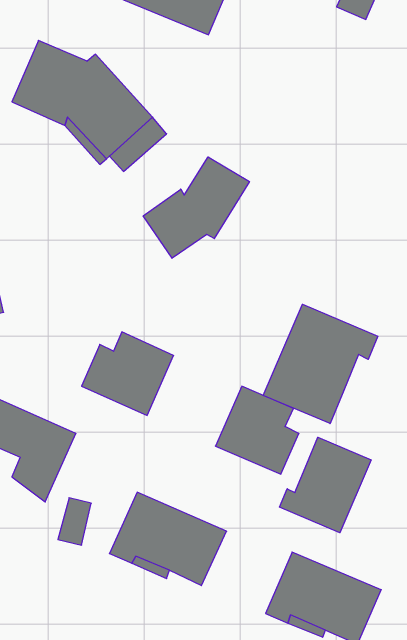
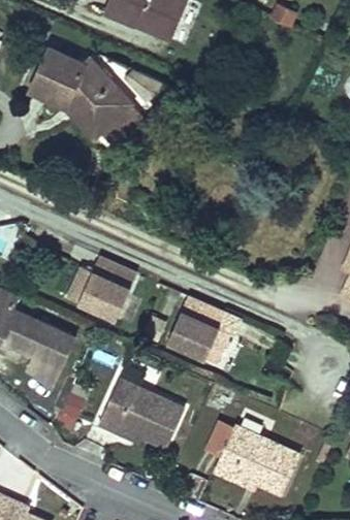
building: [143,157,249,258] -> none
building: [263,304,378,424] -> none
building: [280,437,371,533] -> none

